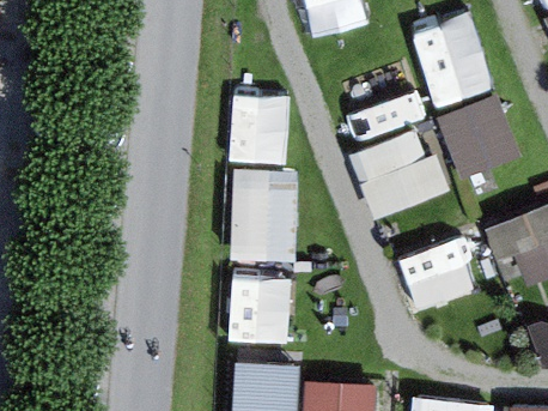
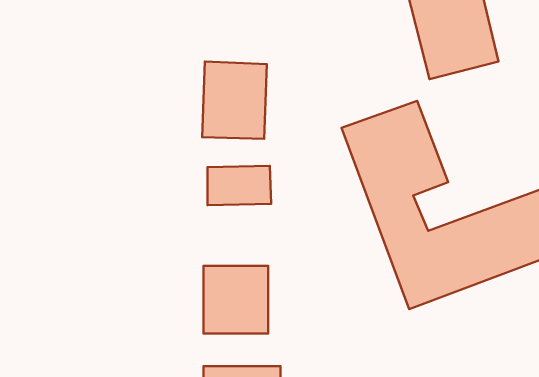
building: [437,93,520,180] -> none

